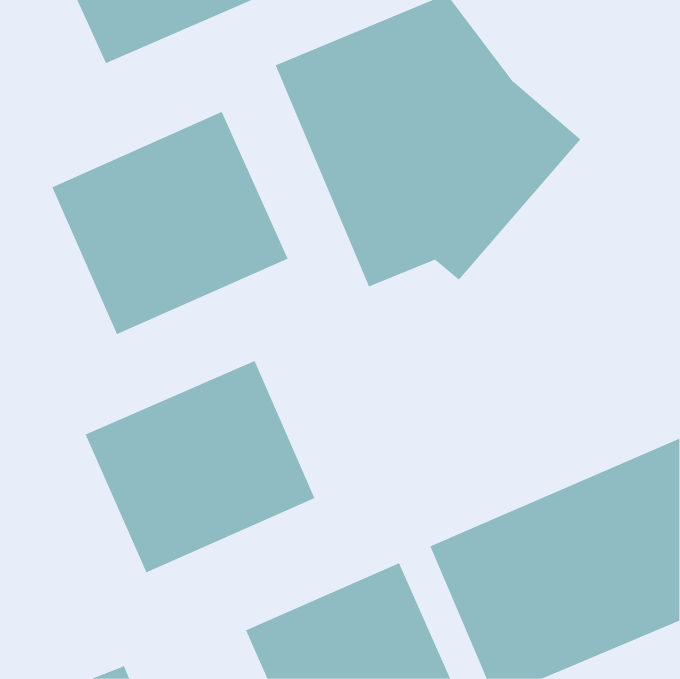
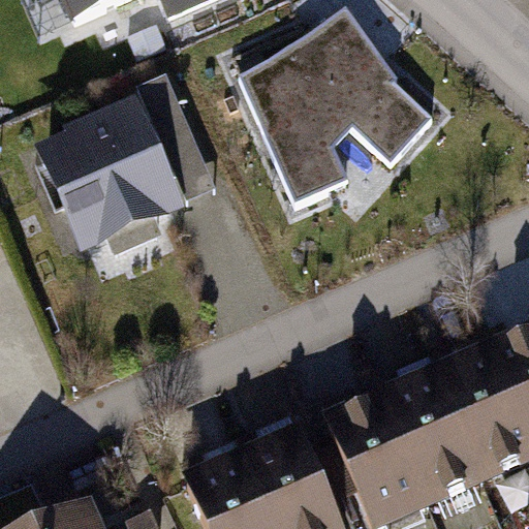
building: [85,360,315,573] -> none

